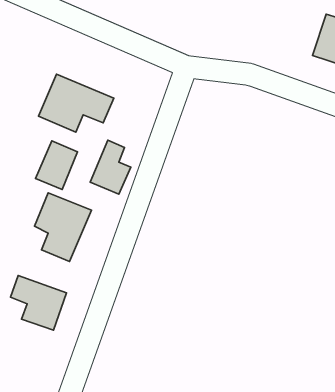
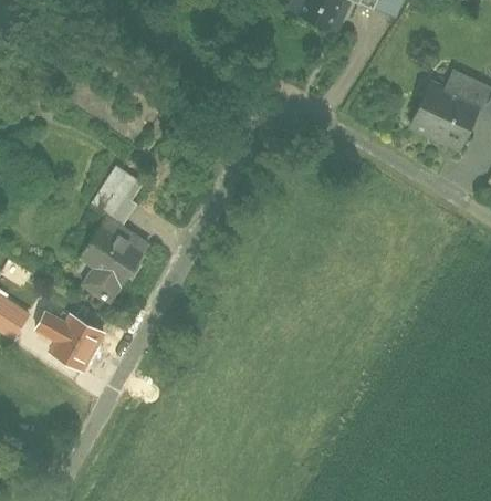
building: [39,74,114,132] -> none
building: [90,140,131,194] -> none

